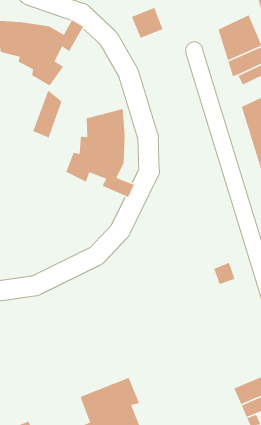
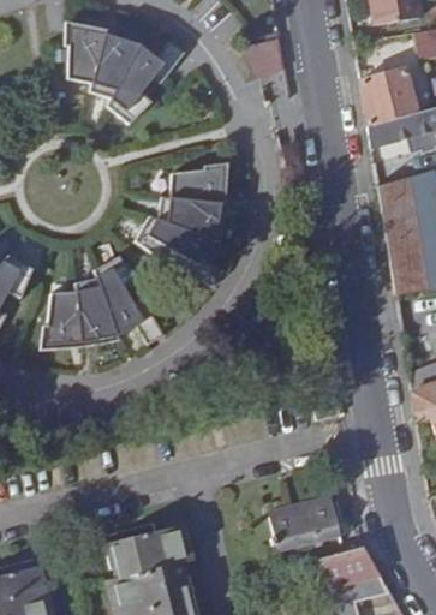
building: [32,89,63,138] -> none
building: none -> [43,255,165,345]
building: none -> [275,503,344,551]

